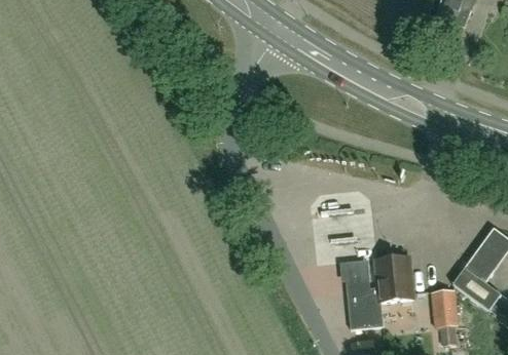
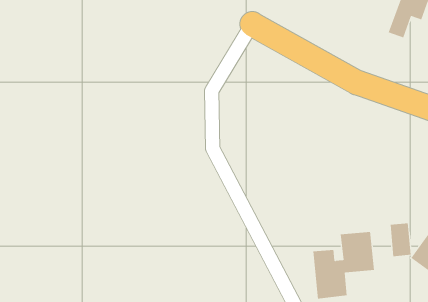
building: [433,287,457,324] -> [390,223,411,257]

